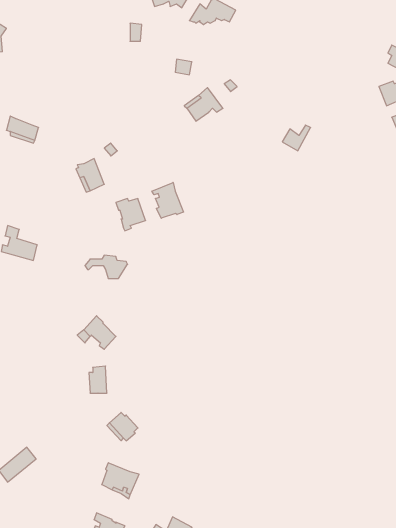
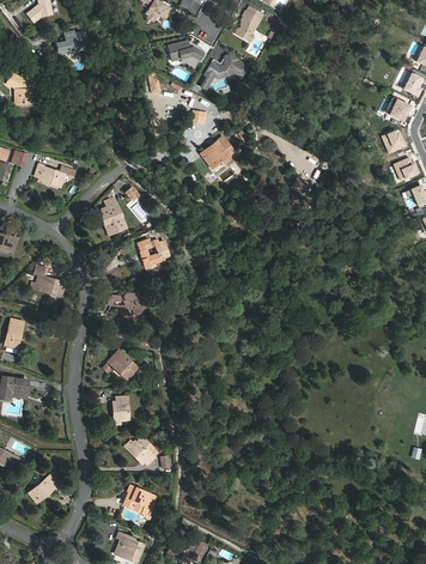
building: [152,182,184,218] -> none

